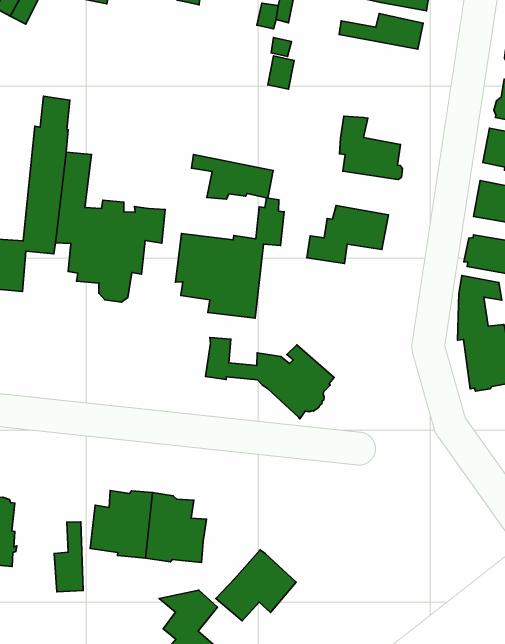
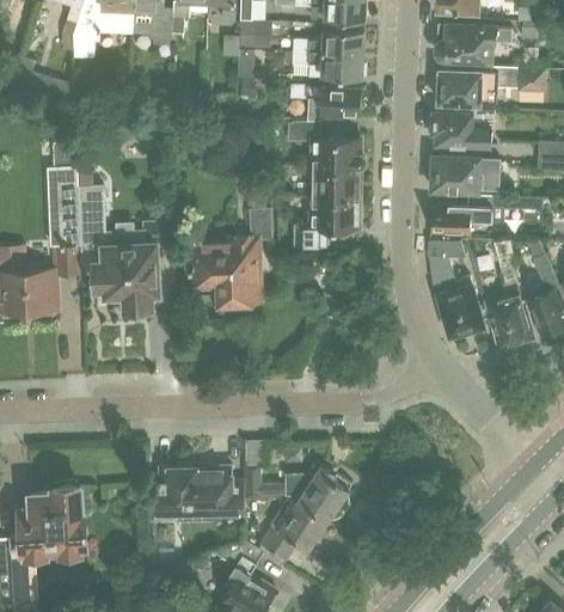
building: none -> [286,54,362,80]
building: [191,154,273,199] -> [292,87,361,122]
building: none -> [313,169,360,200]
building: [205,337,334,419] -> [243,460,352,522]
building: [54,522,83,592] -> none

